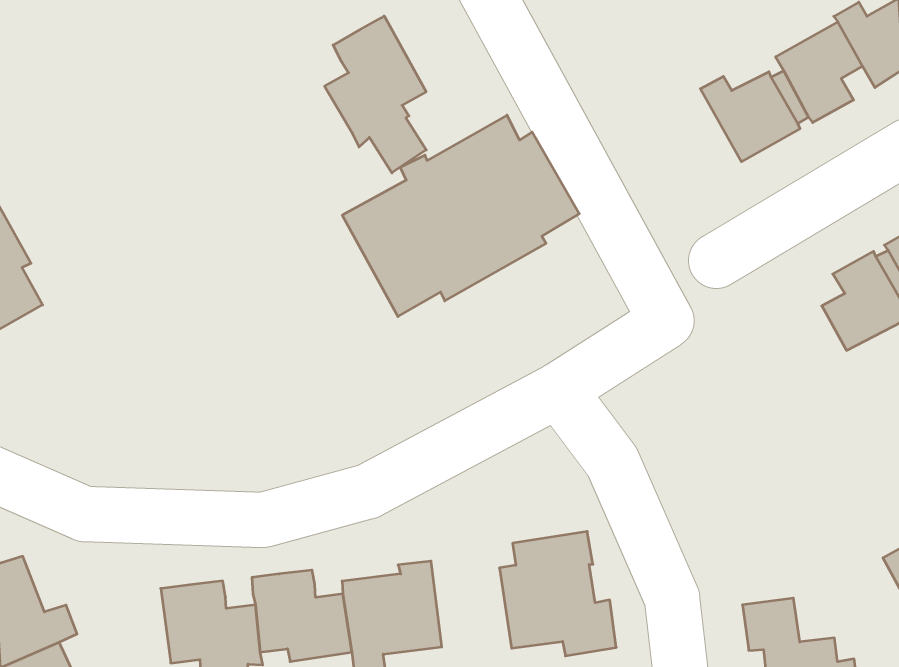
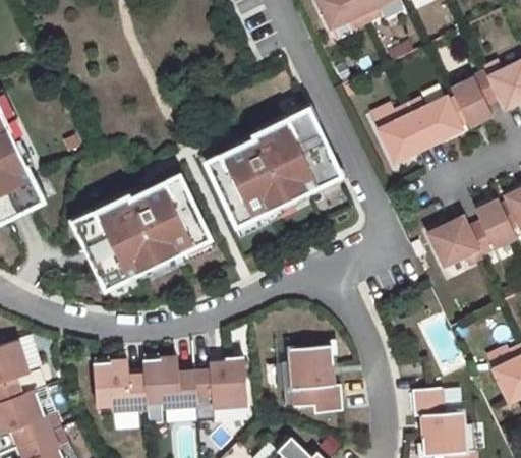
building: [325,16,426,173] -> none
building: none -> [378,104,427,162]
building: none -> [78,175,205,282]
building: none -> [426,217,481,266]

